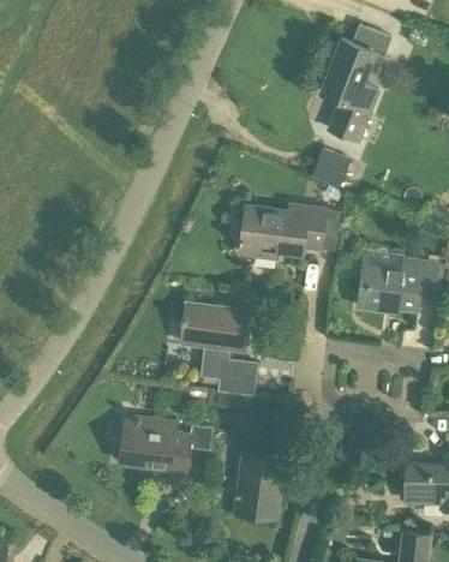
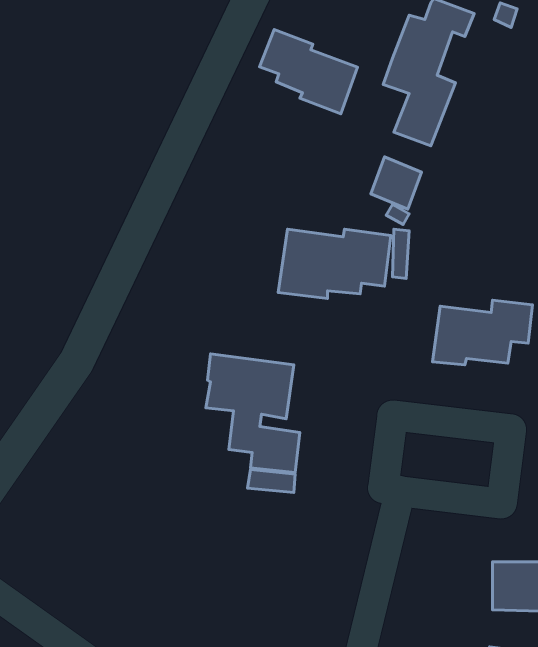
building: none -> [260,30,357,114]
building: [120,414,212,480] -> none
building: [237,452,285,518] -> none

